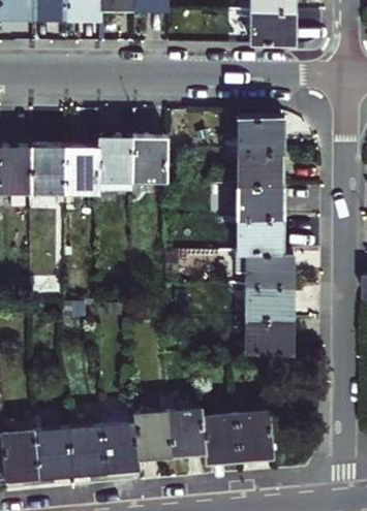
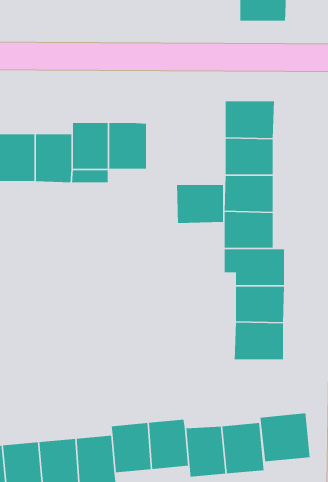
building: none -> [176,184,224,224]
building: none -> [259,413,311,462]

